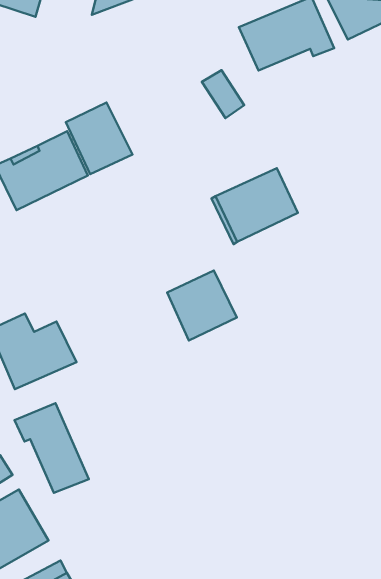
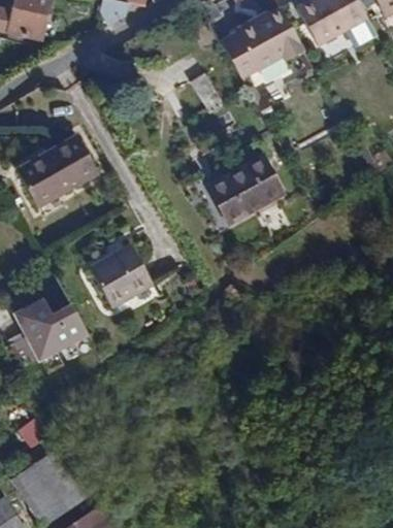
building: [66,103,132,174] -> none
building: [167,270,237,340] -> [90,245,152,307]
building: [14,403,89,493] -> none

